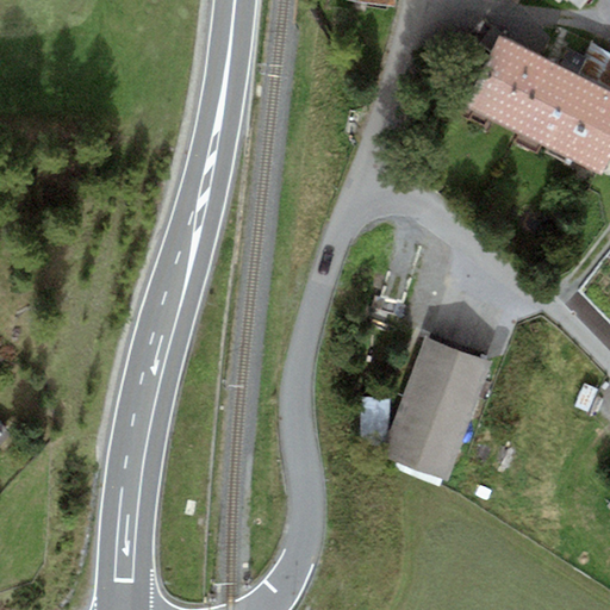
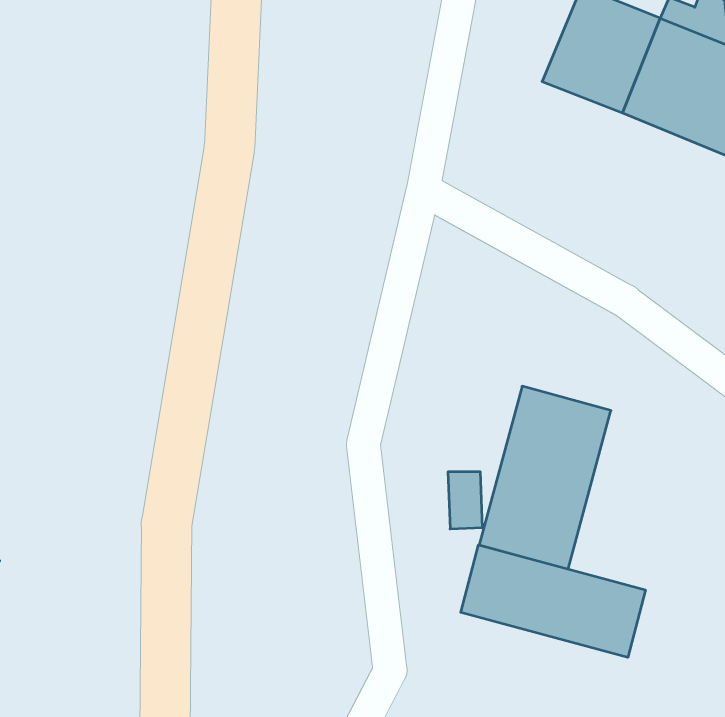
building: none -> [461,545,645,657]

